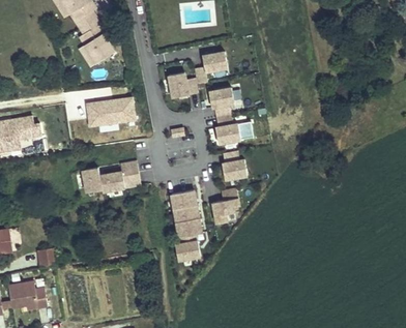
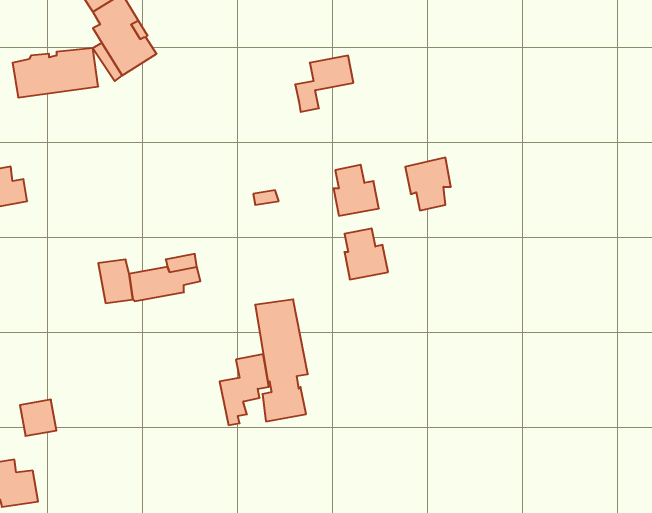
building: [168,72,198,97] -> none
building: [208,87,234,117] -> [405,158,451,210]
building: [86,97,135,125] -> [13,48,98,97]
building: [211,187,239,228] -> [220,354,269,425]

